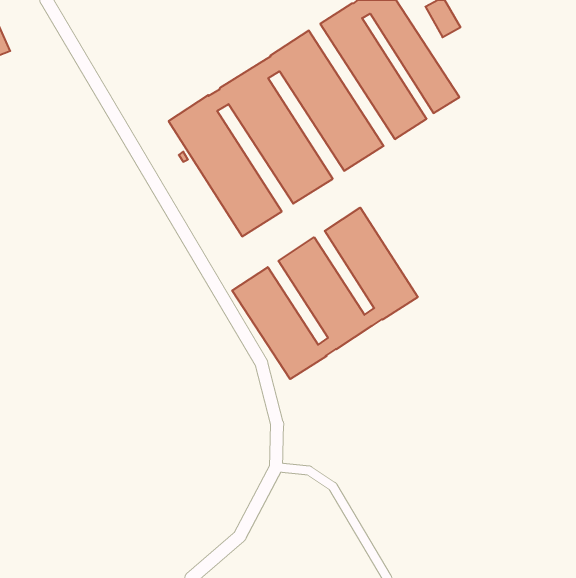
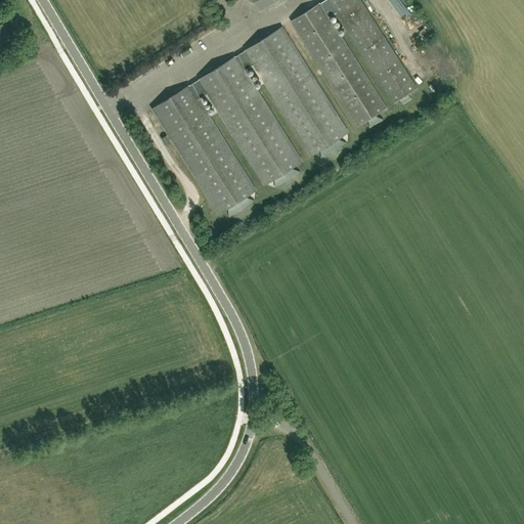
building: [232,208,418,379] -> none

